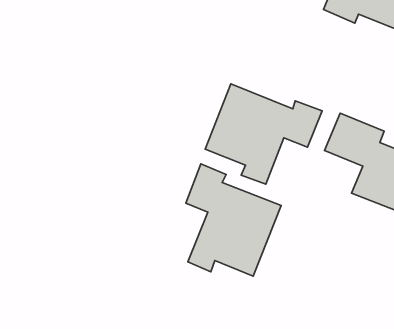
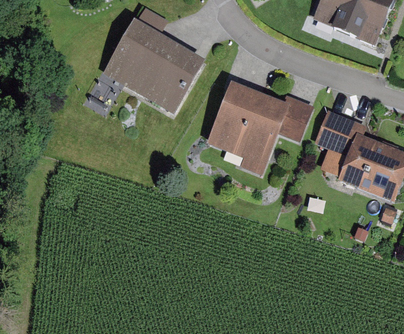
building: none -> [102,19,204,114]
building: [186,164,281,276] -> none

